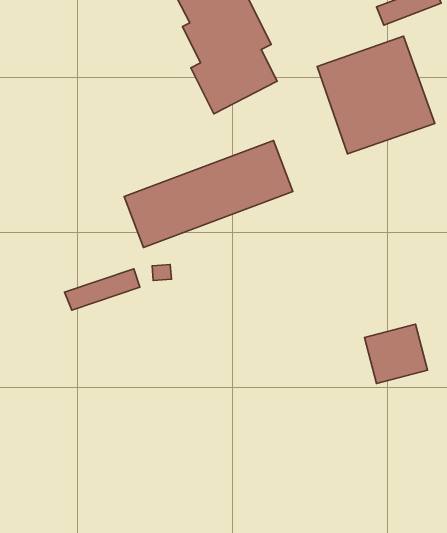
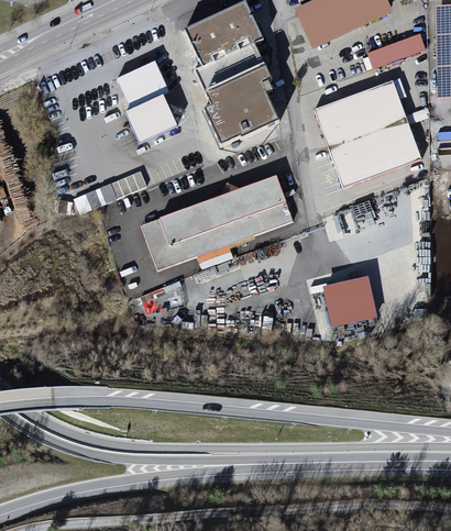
building: none -> [116,59,176,144]
building: [64,269,140,310] -> [80,172,149,209]
building: [365,324,428,384] -> [321,275,378,329]

